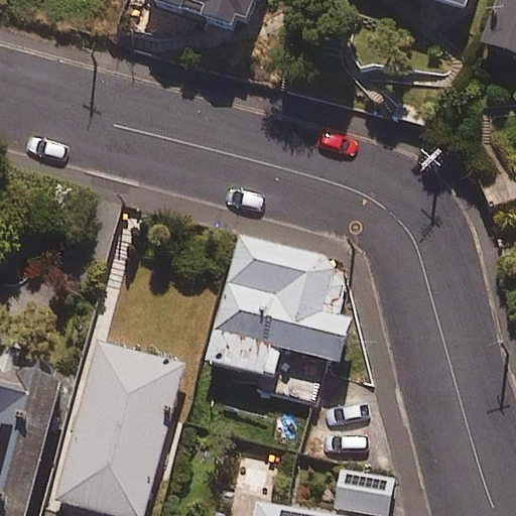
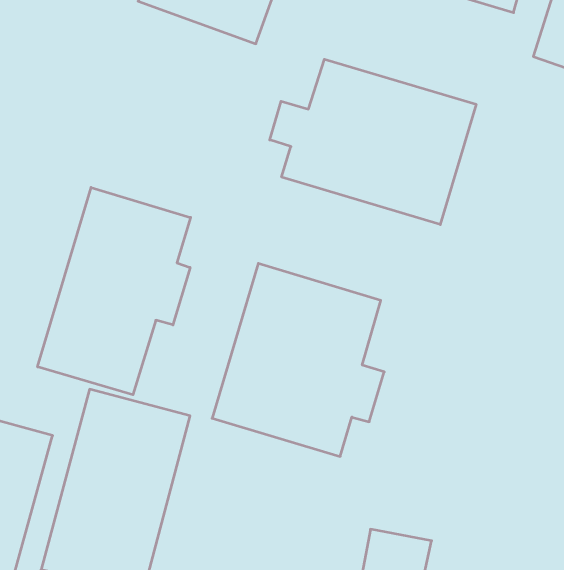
building: none -> [270,59,476,225]
building: none -> [38,187,191,395]

